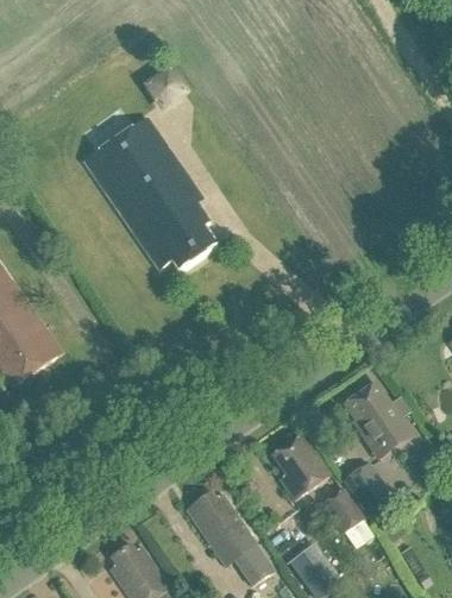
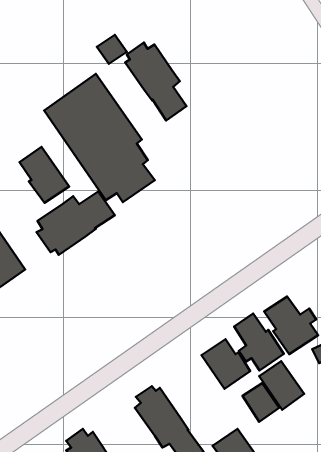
building: none -> [125,43,186,120]
building: none -> [19,147,69,203]
building: none -> [37,192,115,255]
building: none -> [234,313,284,370]

